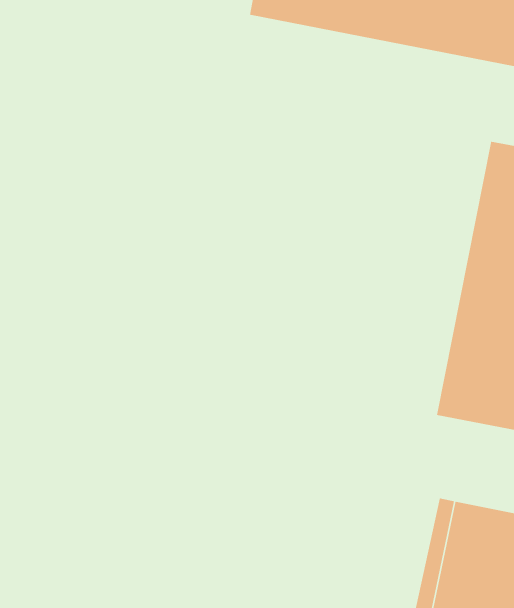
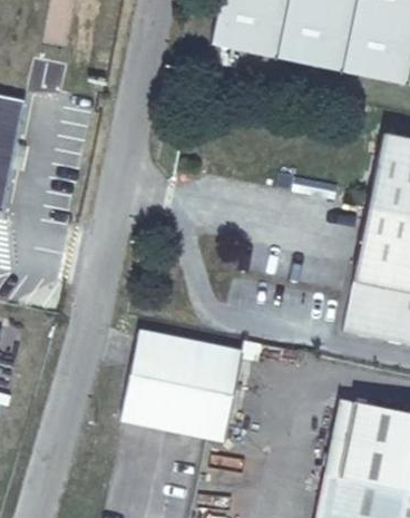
building: none -> [123,334,245,444]

